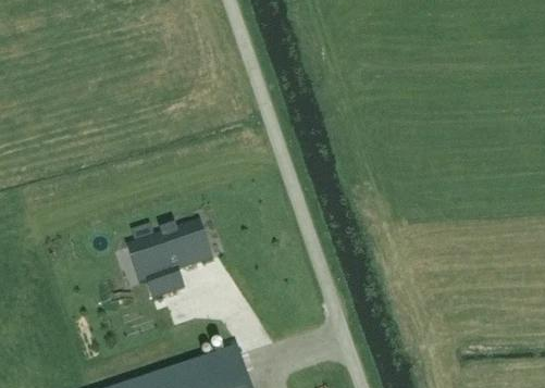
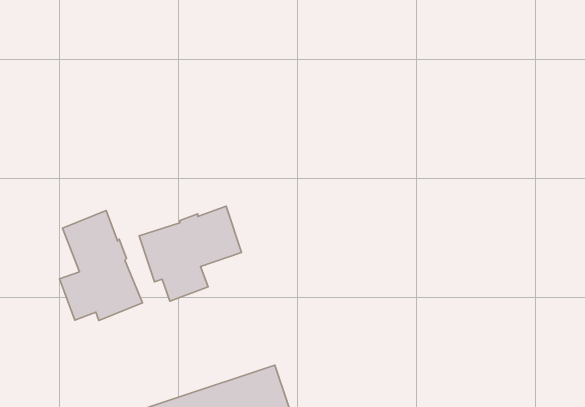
building: none -> [60,210,143,320]

